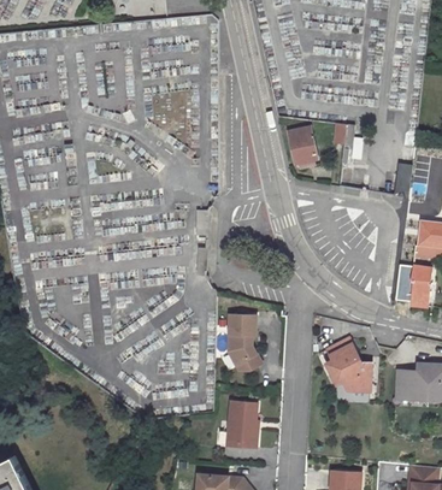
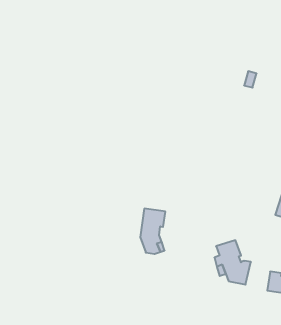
building: [288,128,316,170] -> none
building: [225,400,257,445] -> none

